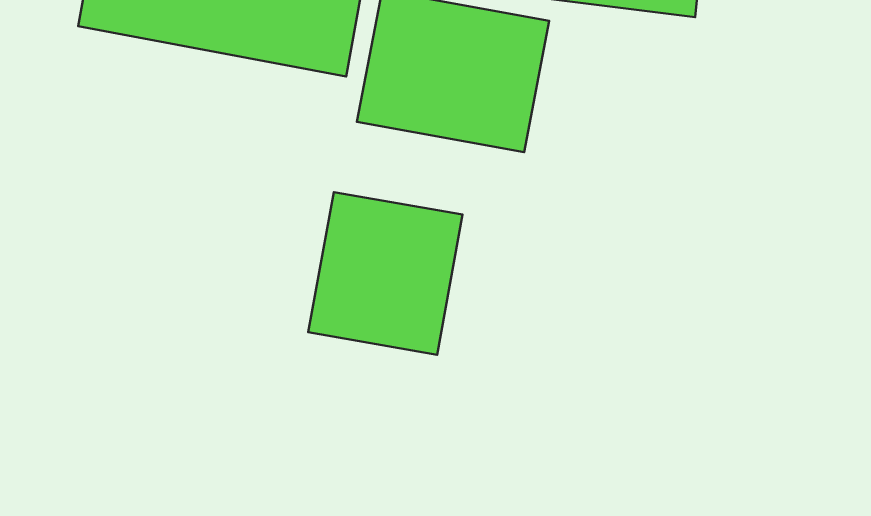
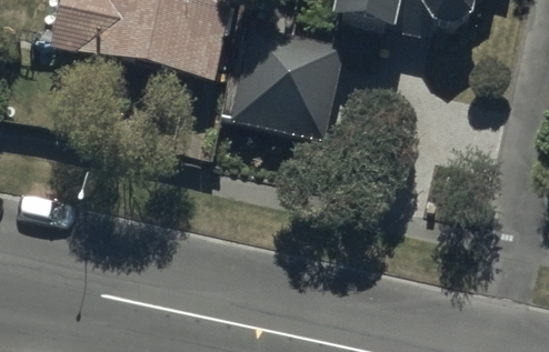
building: [308,192,463,355] -> none

